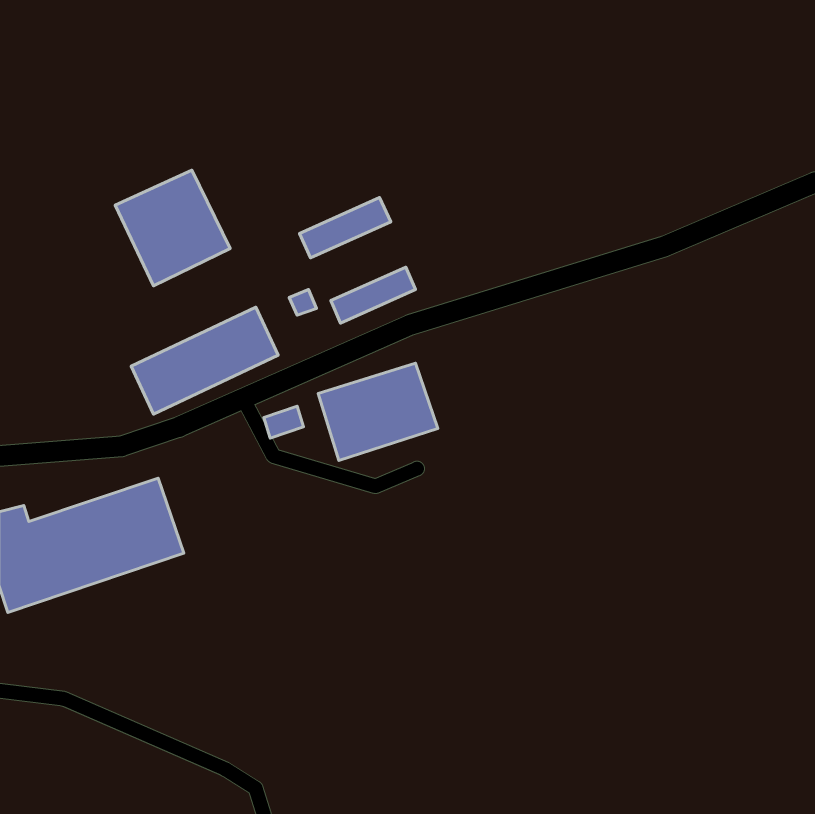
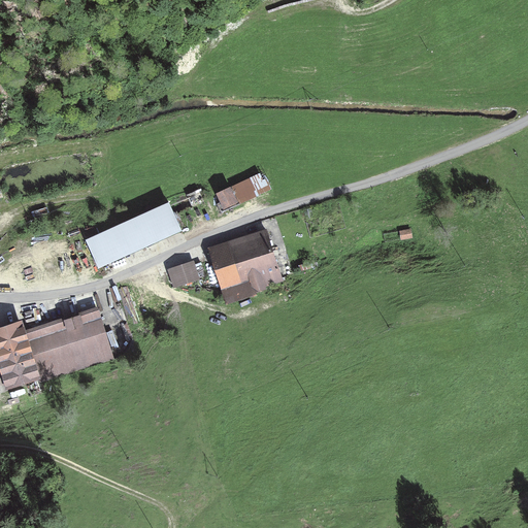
building: [115,170,230,286] -> none
building: [299,198,391,258] -> none

